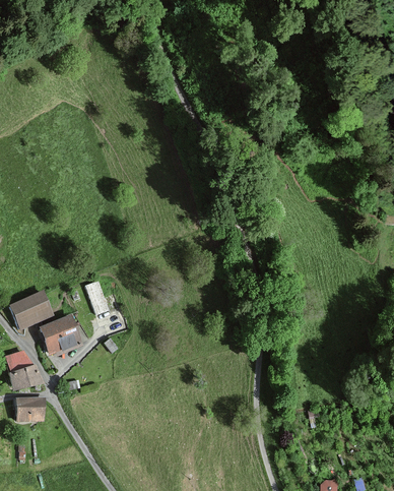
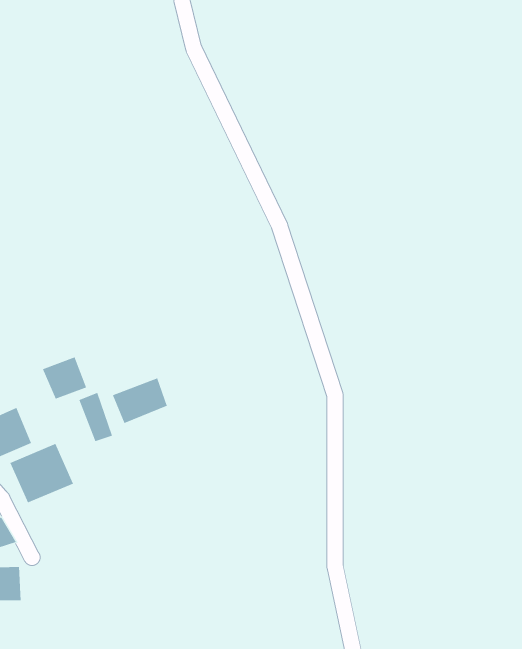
building: none -> [42,356,87,399]
building: none -> [112,377,168,424]

